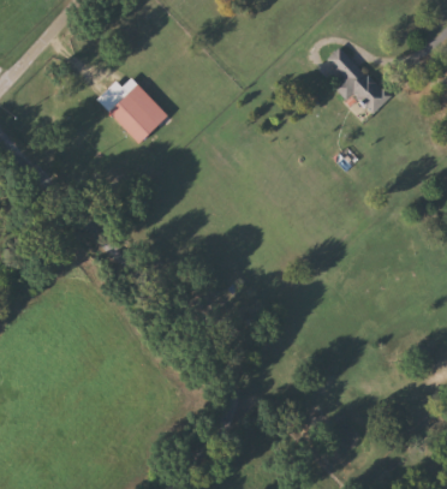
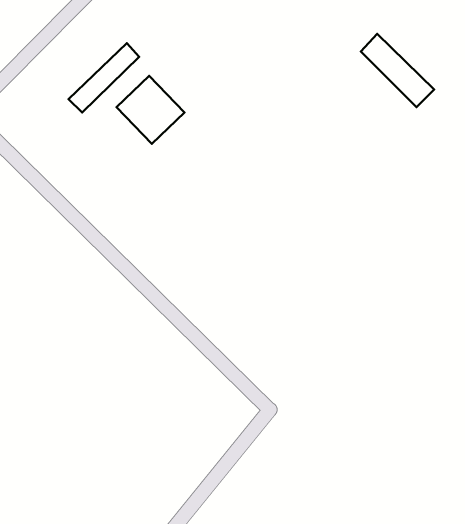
building: none -> [69,43,139,113]

